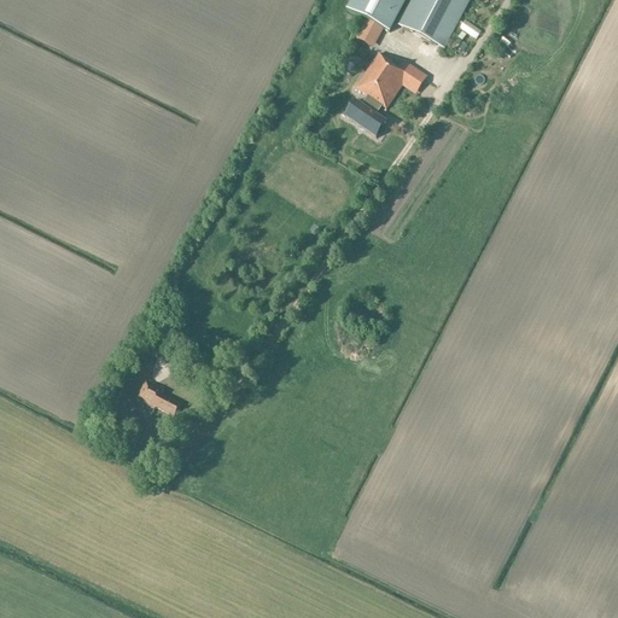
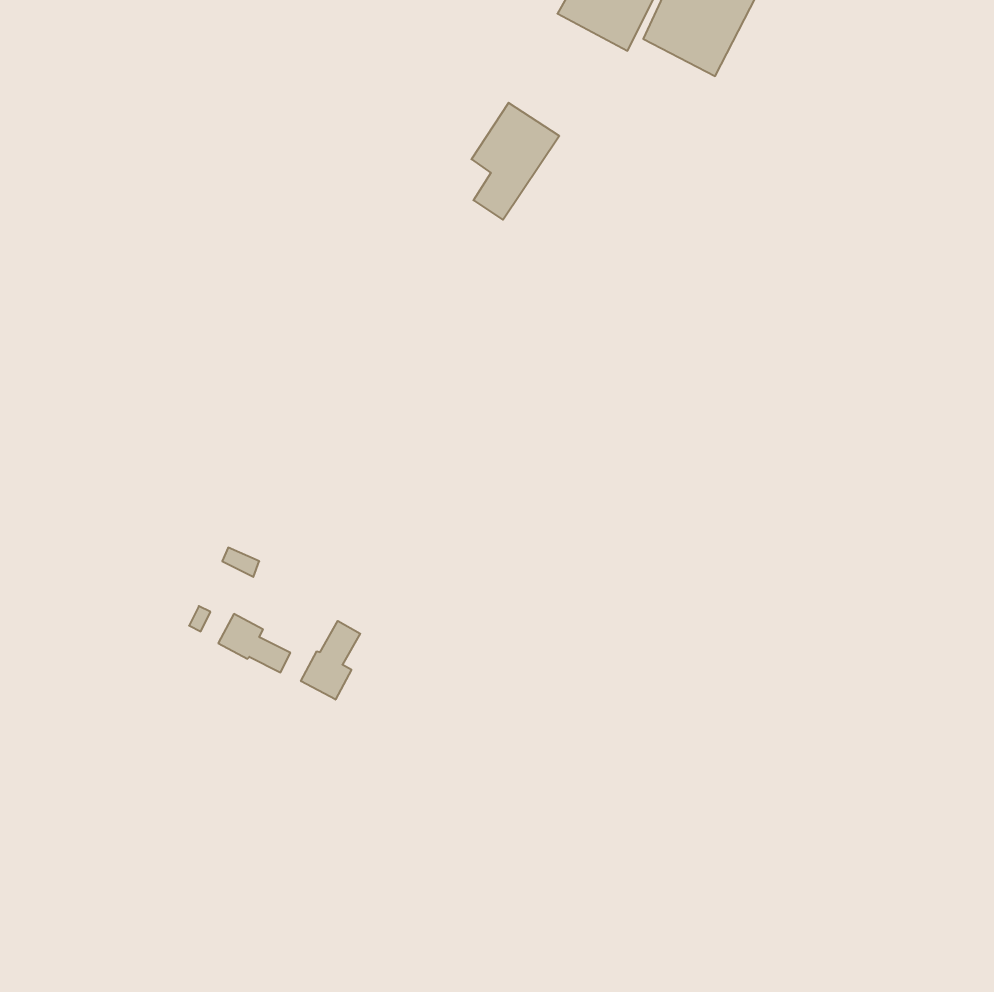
building: [355,53,409,126] -> [471,103,559,220]
building: none -> [301,621,360,700]

